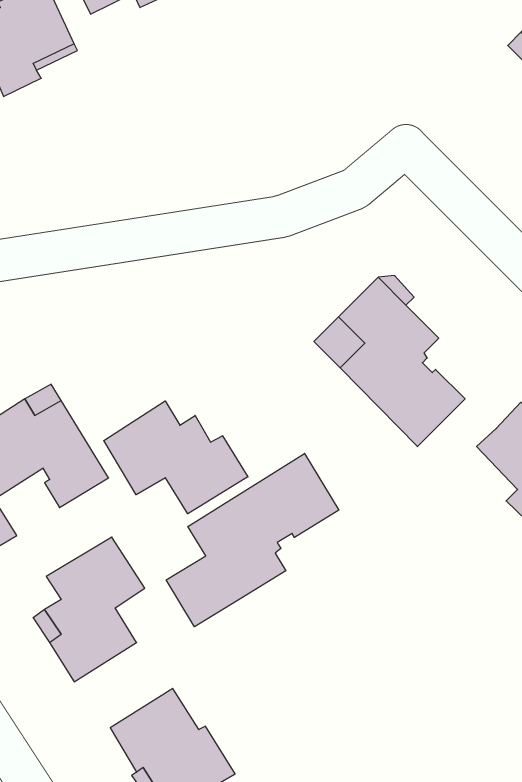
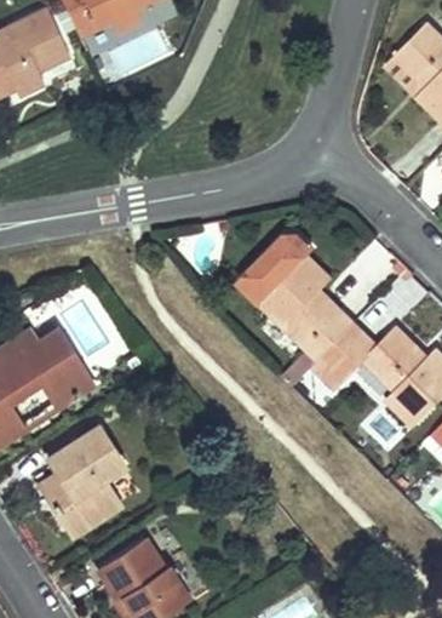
building: none -> [315,322,380,387]
building: [104,401,248,514] -> none
building: [166,453,339,627] -> none

